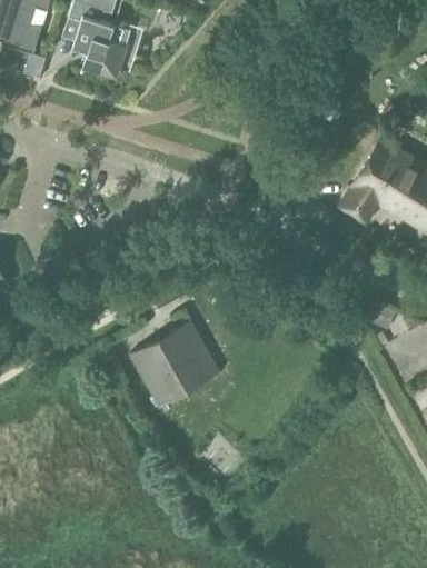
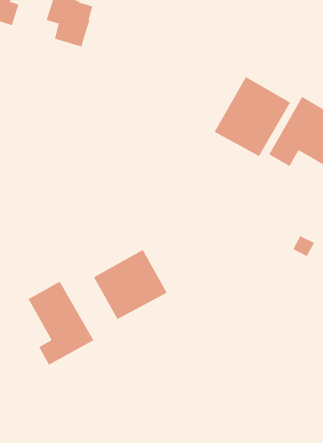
building: none -> [214,76,291,157]
building: none -> [28,281,94,366]

